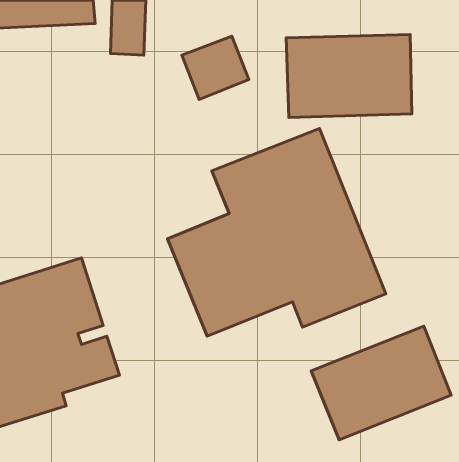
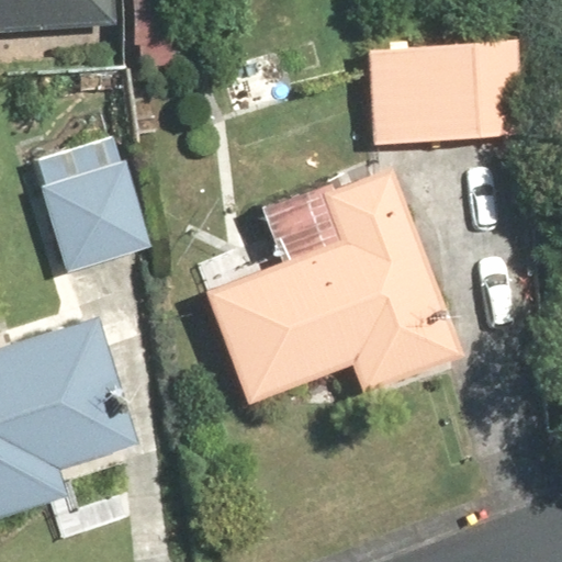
building: none -> [29,132,154,276]
building: [311,326,451,440] -> none

